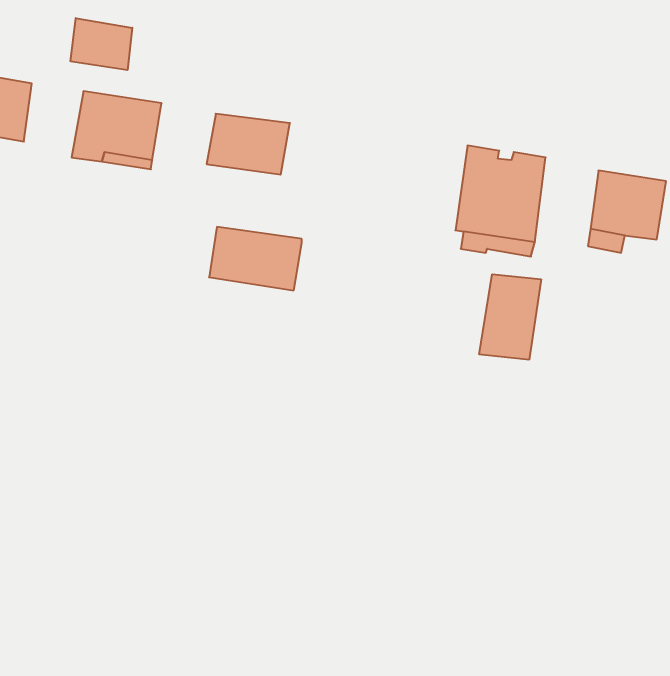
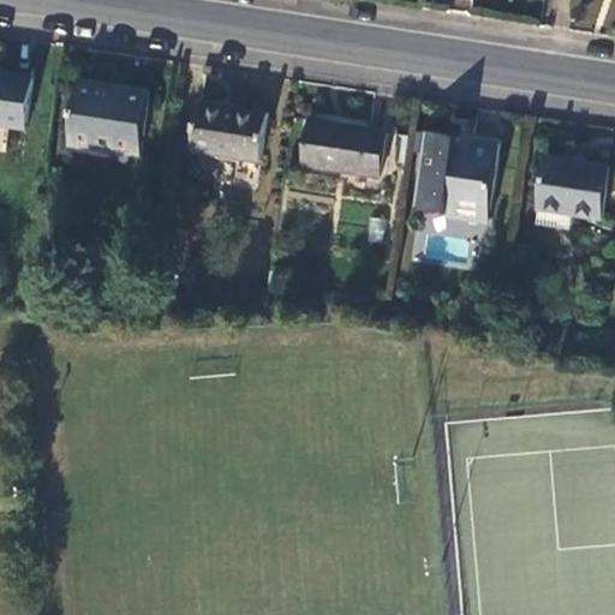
building: [71,18,132,70] -> none
building: [209,227,302,290] -> [298,119,382,177]
building: [479,274,541,360] -> none

